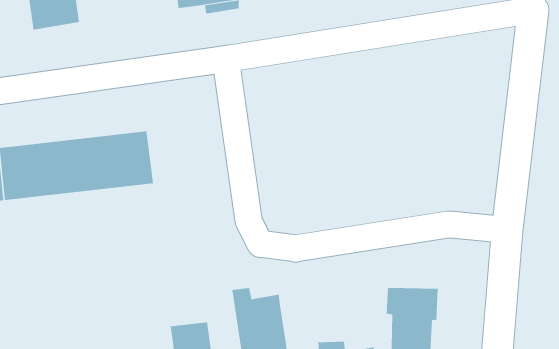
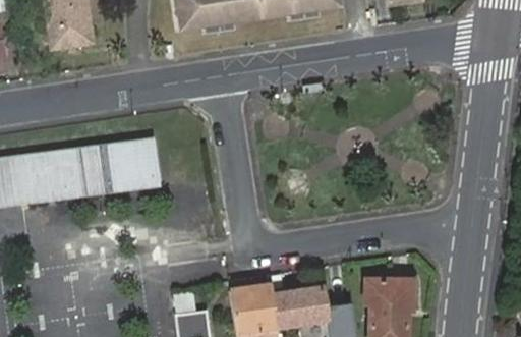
building: none -> [272,287,327,327]

